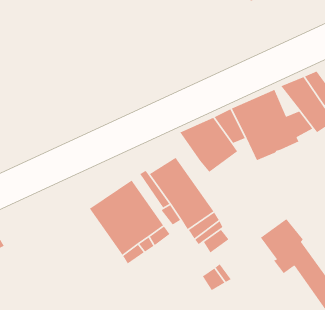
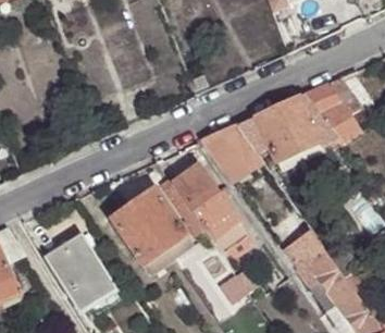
building: none -> [44,233,116,312]

